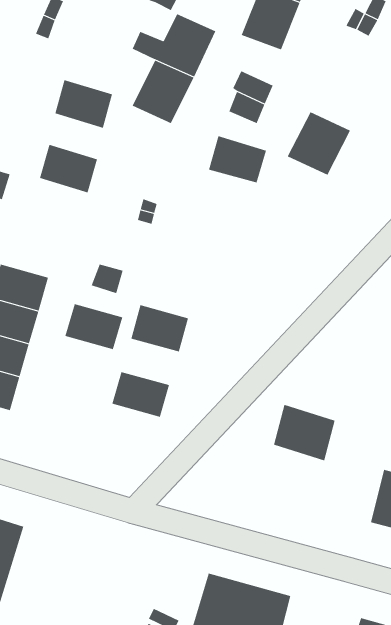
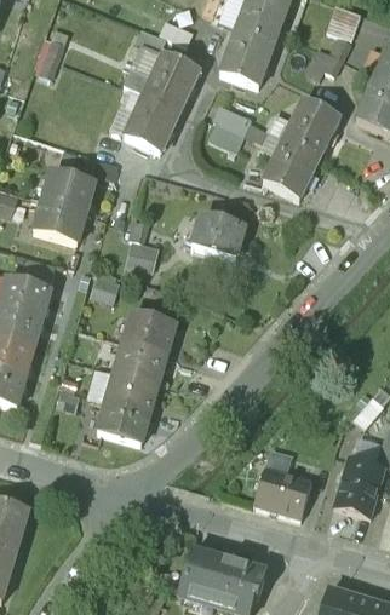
building: none -> [283,96,339,154]
building: [54,79,113,128] -> [34,196,86,240]
building: [208,136,267,183] -> [193,211,245,253]
building: none -> [124,238,157,270]
building: [65,304,123,350] -> [115,339,167,380]
building: none -> [97,397,150,439]
building: [273,404,336,461] -> [257,464,312,515]

